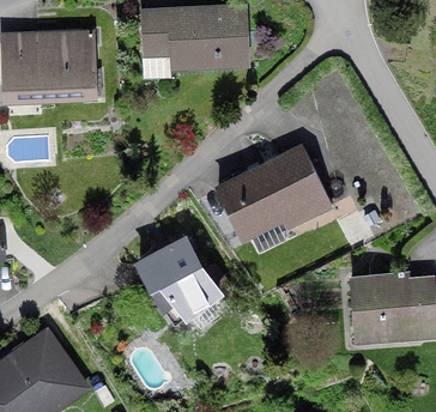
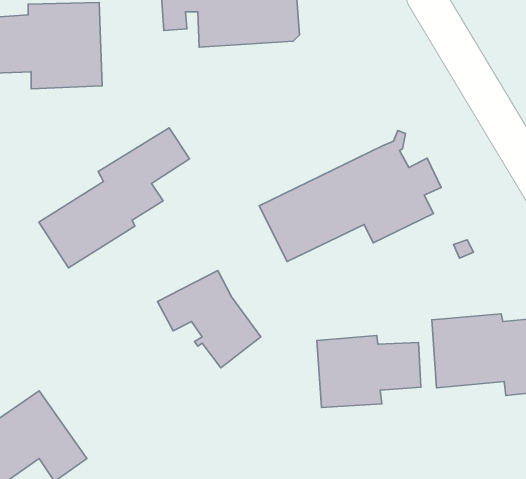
building: none -> [39,128,190,268]
building: none -> [317,336,421,407]

